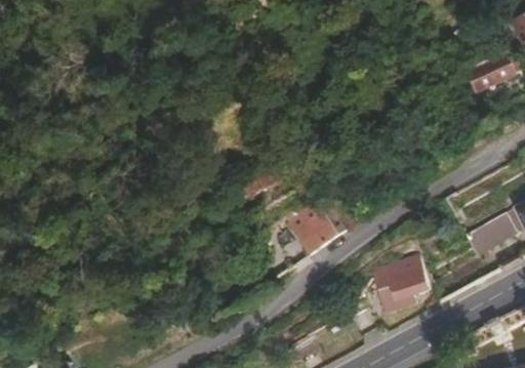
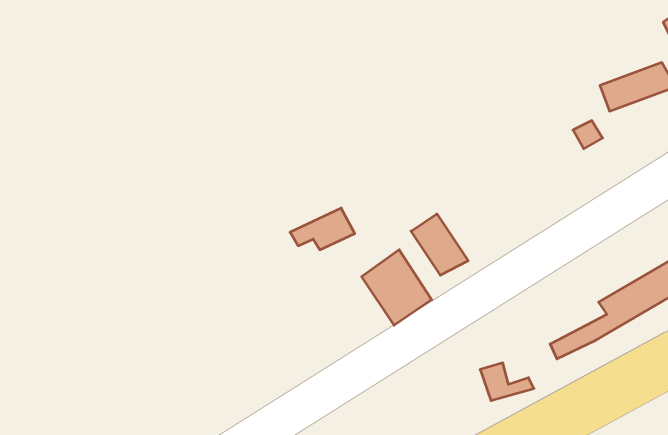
building: none -> [411,214,468,275]
building: [370,258,428,299] -> none

